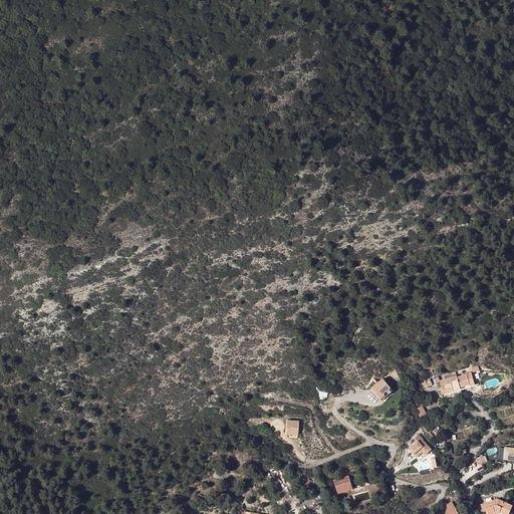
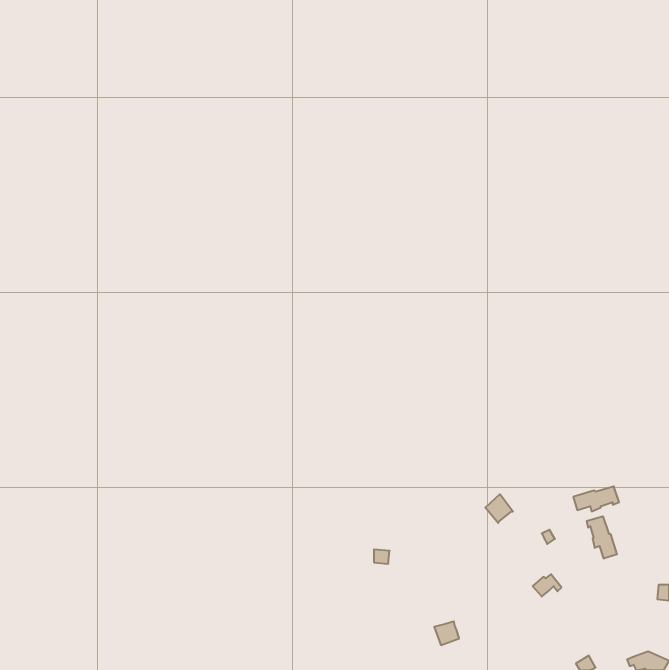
building: none -> [587,516,617,559]

